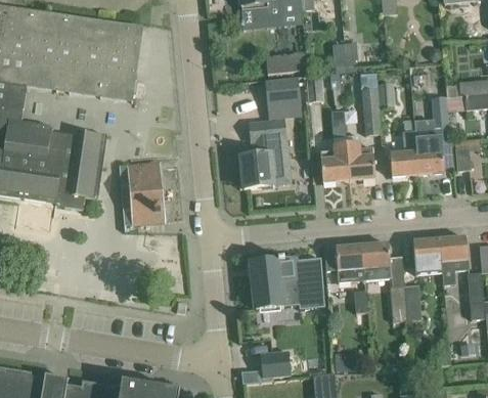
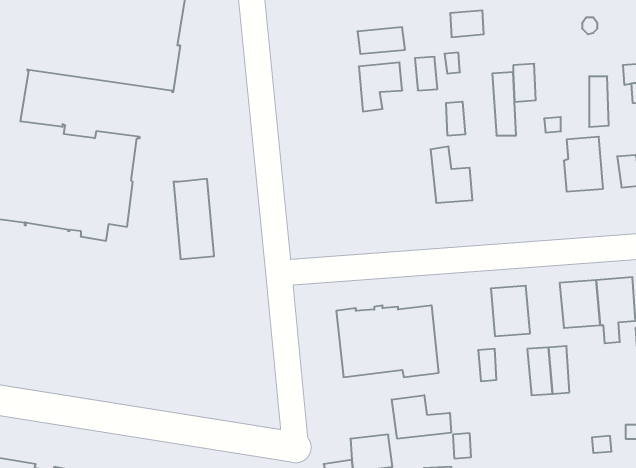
building: [237,122,289,188] -> none
building: [345,138,374,180] -> none
building: [389,151,417,176] -> none
building: [335,245,365,281] -> none
building: none -> [392,395,451,439]

